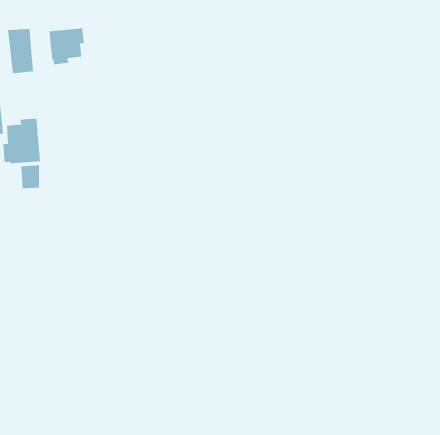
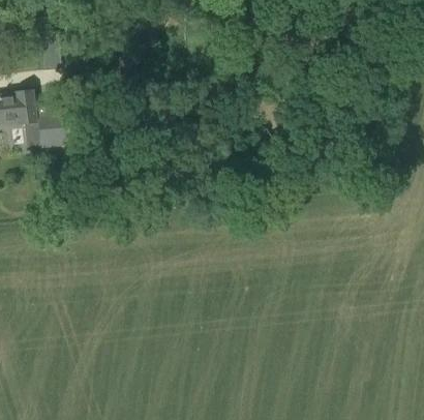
building: [49,28,84,65] -> none

